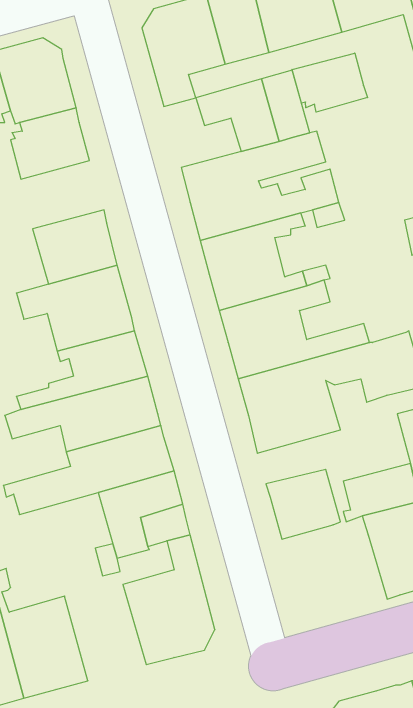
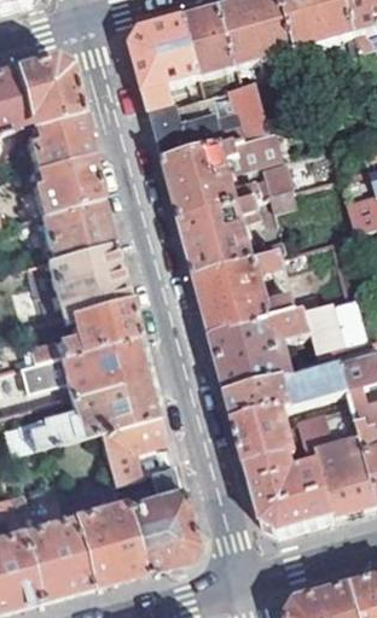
building: [292,53,368,112] -> none
building: none -> [150,104,214,162]
building: none -> [27,156,100,214]
building: none -> [227,366,350,424]
building: none -> [248,457,335,534]
building: none -> [68,503,135,587]

